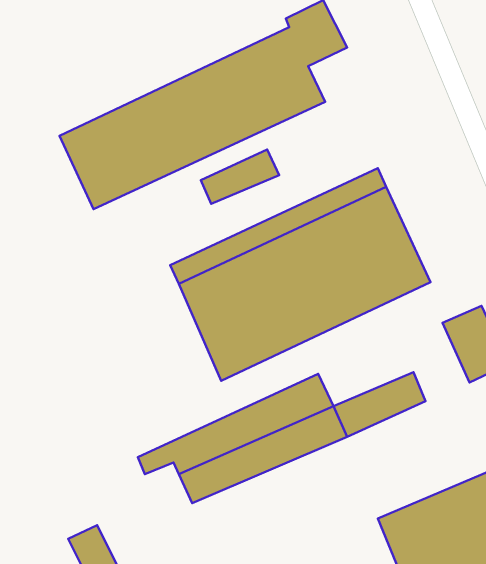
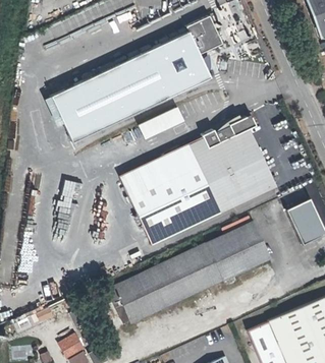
building: none -> [208,219,265,260]

